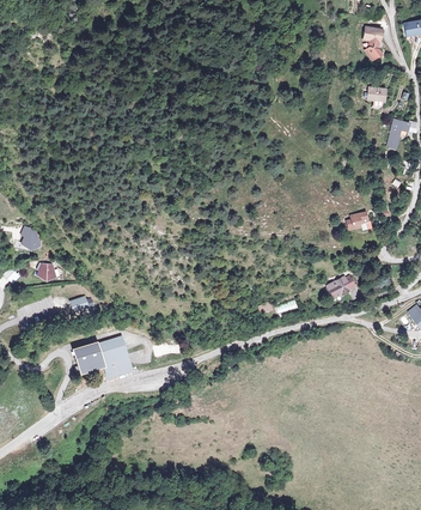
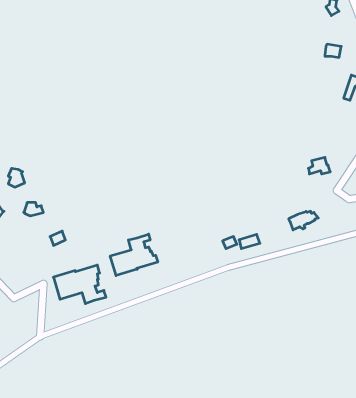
building: none -> [110,234,158,276]

